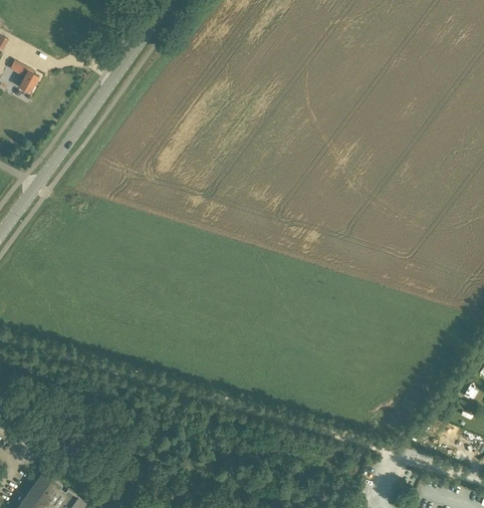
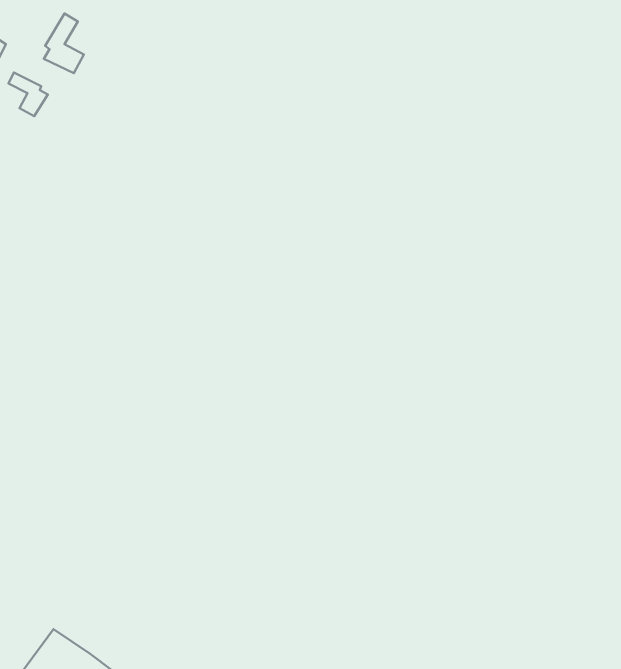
building: none -> [44,14,84,73]

